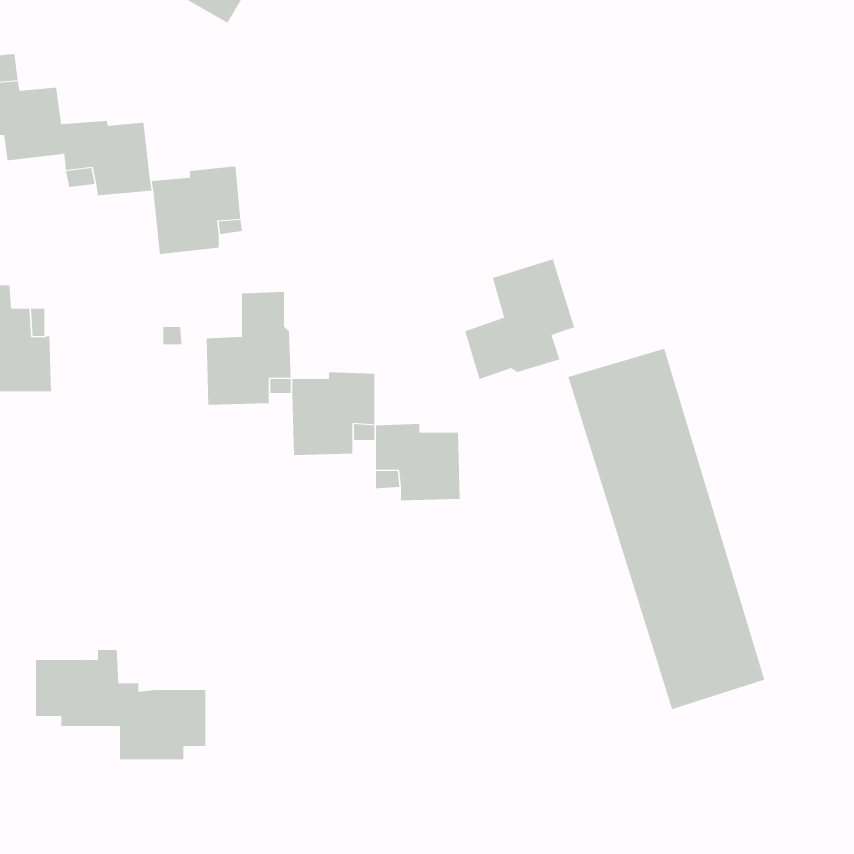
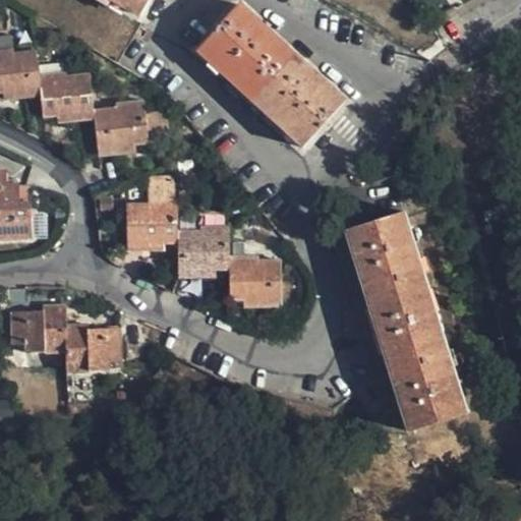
building: none -> [196,6,342,148]
building: [464,258,575,380] -> none
building: [35,649,206,760] -> [19,305,123,372]

